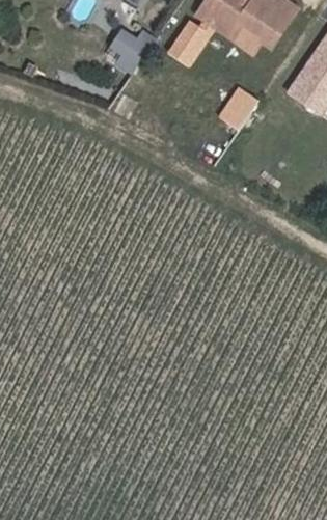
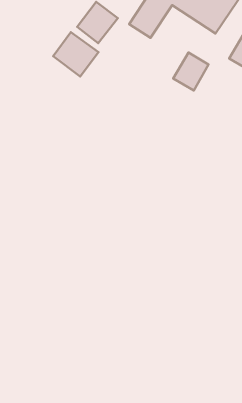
building: none -> [53,32,99,77]

